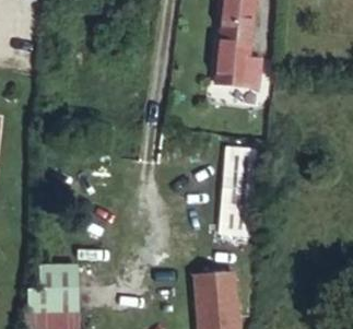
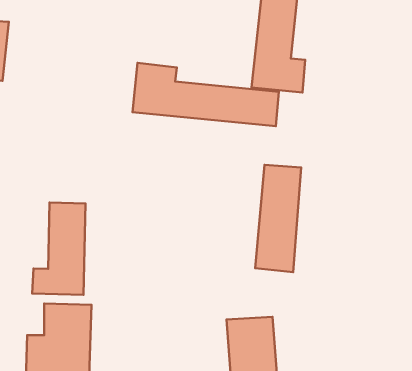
building: none -> [132,63,279,126]
building: none -> [32,203,85,295]

